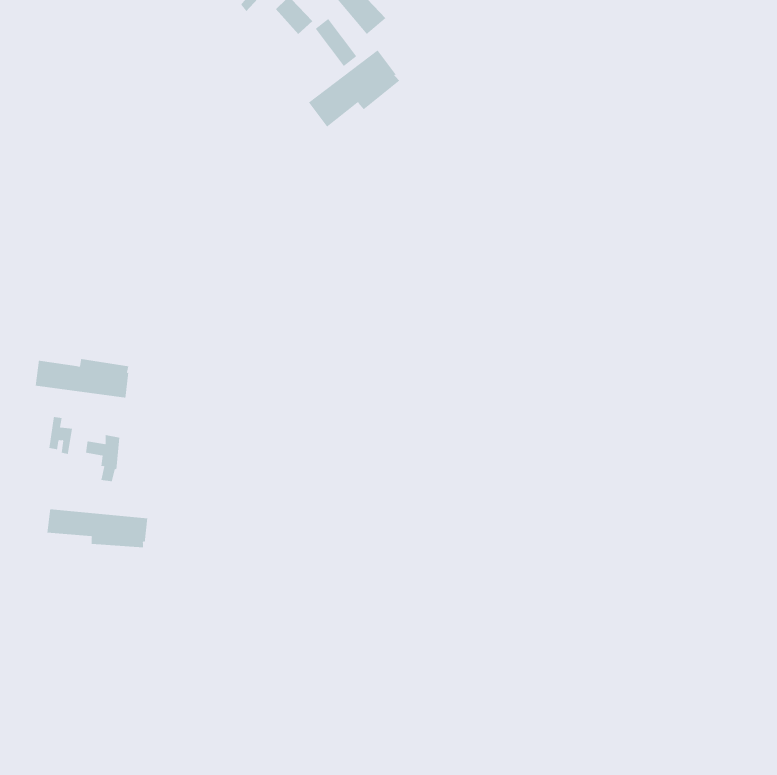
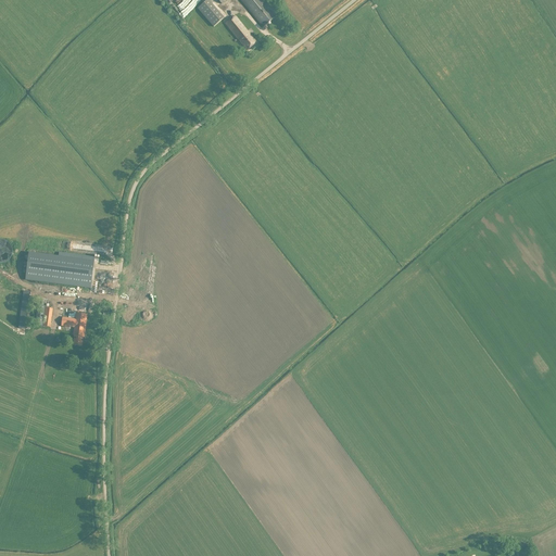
building: [308,49,400,127] -> none
building: [47,508,148,548] -> none

